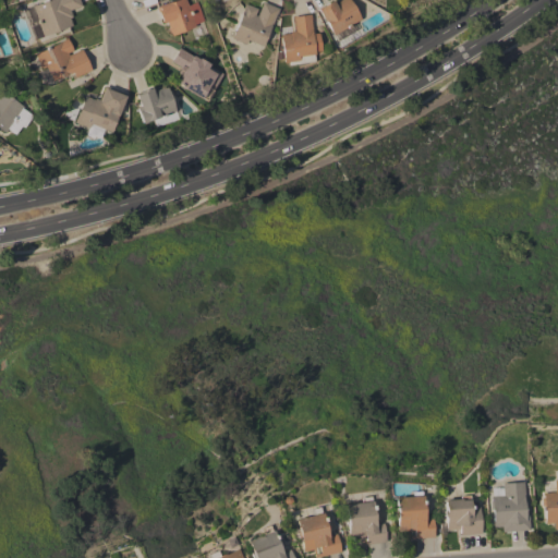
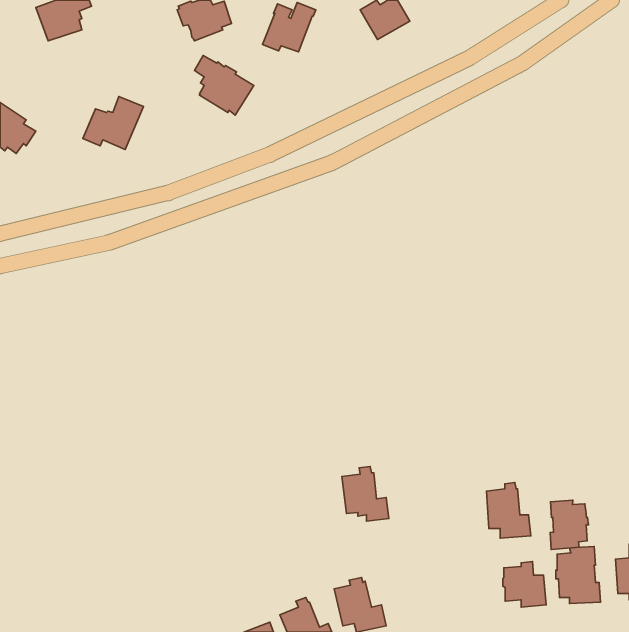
building: [282,14,325,63] -> none
building: [37,37,94,81] -> none
building: [138,87,179,124] -> none
building: none -> [550,500,589,549]
building: [398,490,437,539] -> [486,483,531,538]
building: [347,496,388,544] -> [342,467,389,521]

